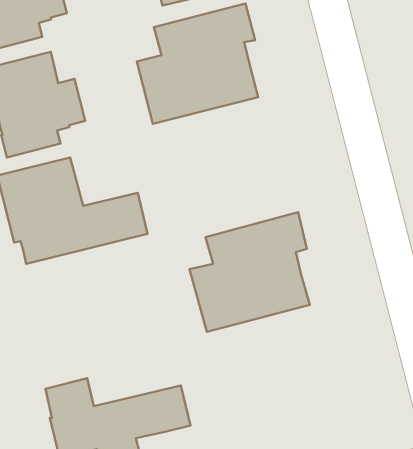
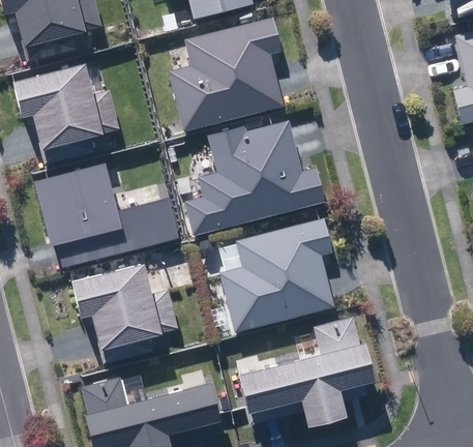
building: none -> [186,121,326,235]
building: none -> [72,263,179,364]
building: none -> [240,317,375,427]

